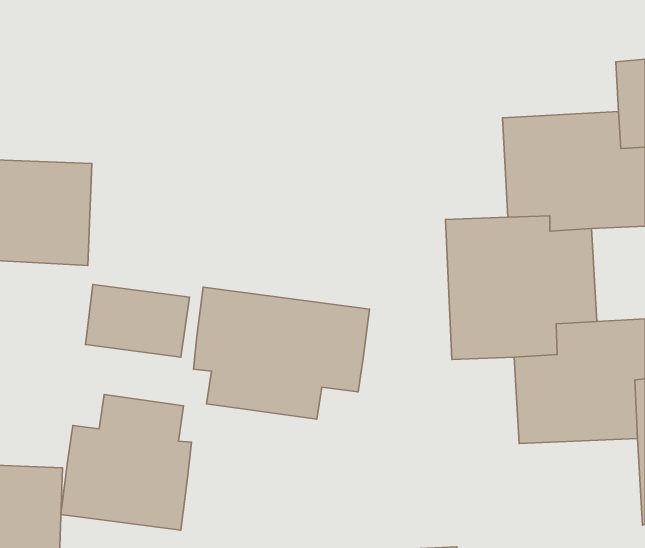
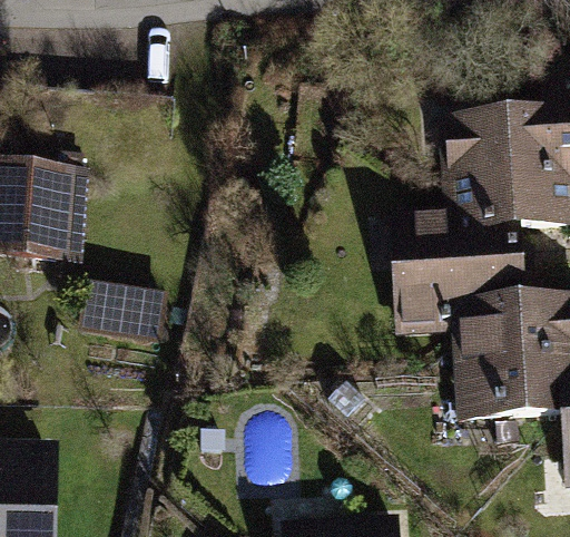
building: [193,287,369,419] -> none
building: [61,395,192,530] -> none

